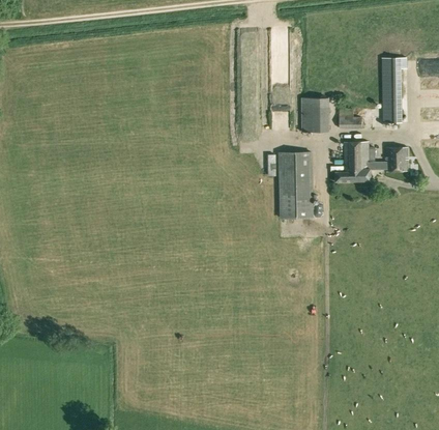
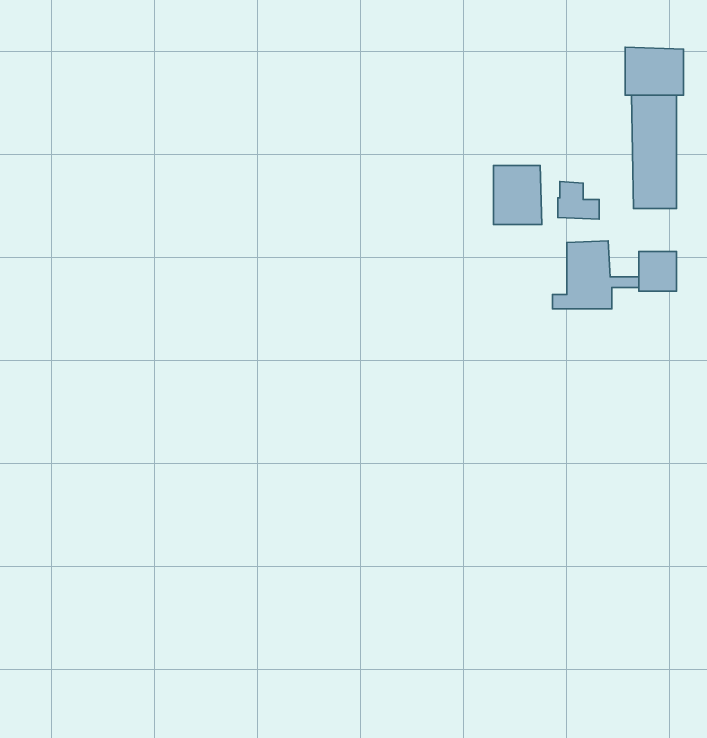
building: none -> [625,47,683,95]
building: [281,150,312,216] -> none

